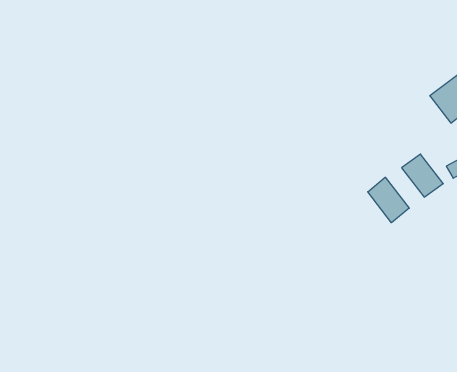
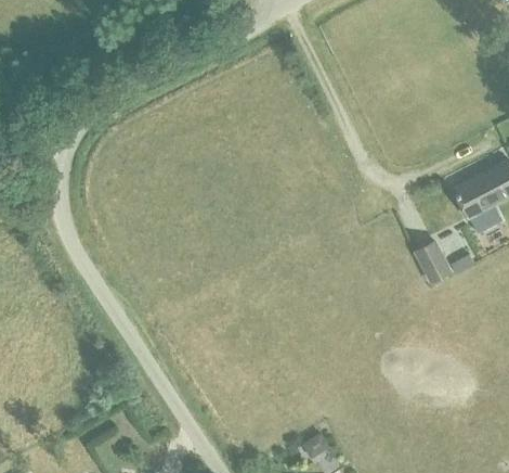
building: [368,177,409,223] -> none

